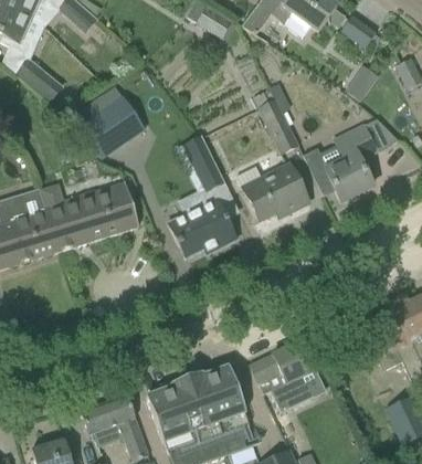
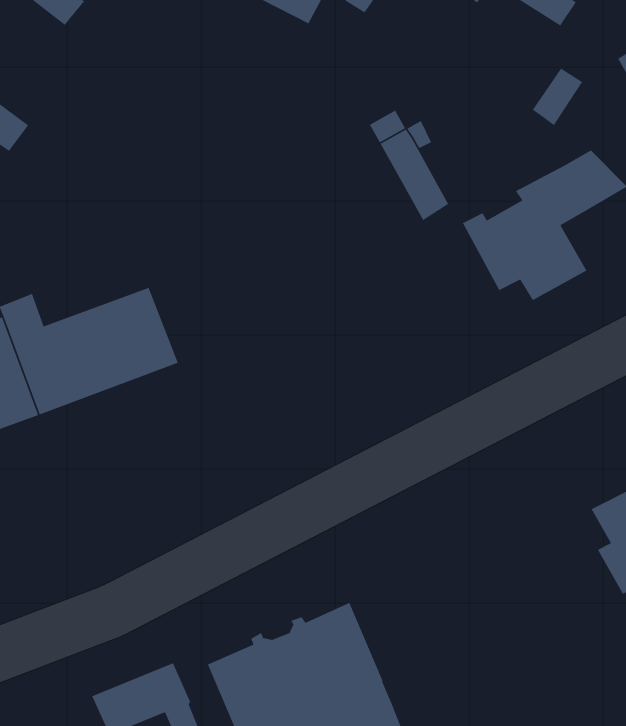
building: [80,96,144,158] -> none
building: [169,136,236,257] -> none
building: [242,162,309,221] -> none
building: [250,339,317,411] -> none

